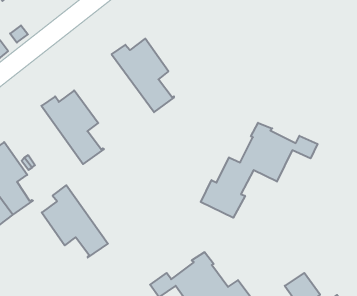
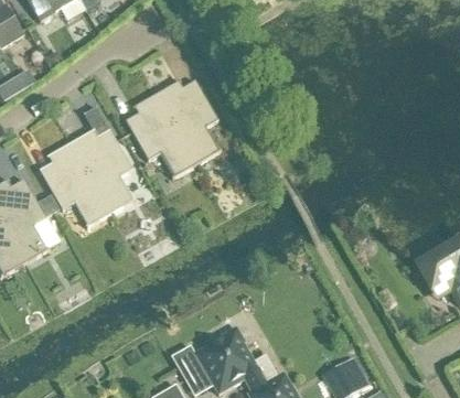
building: none -> [125,93,196,178]
building: [201,123,318,218] -> none
building: [42,185,108,258] -> [40,142,110,226]

